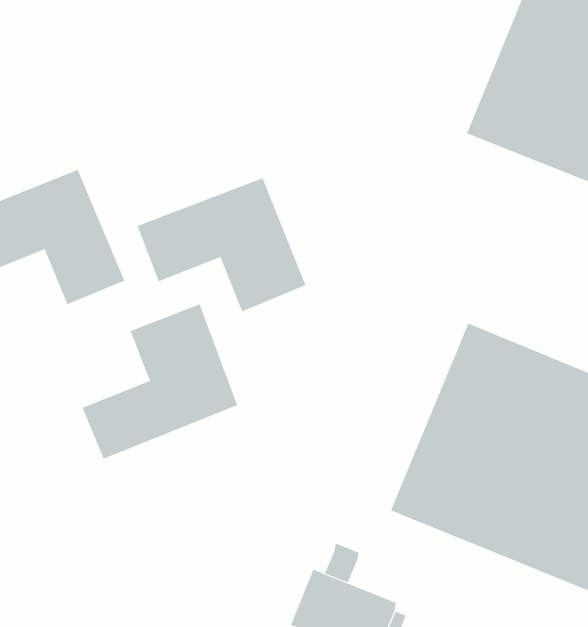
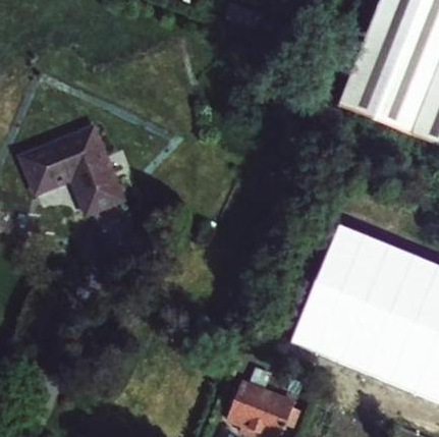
building: [137,177,306,312] -> none
building: [82,303,238,459] -> none

